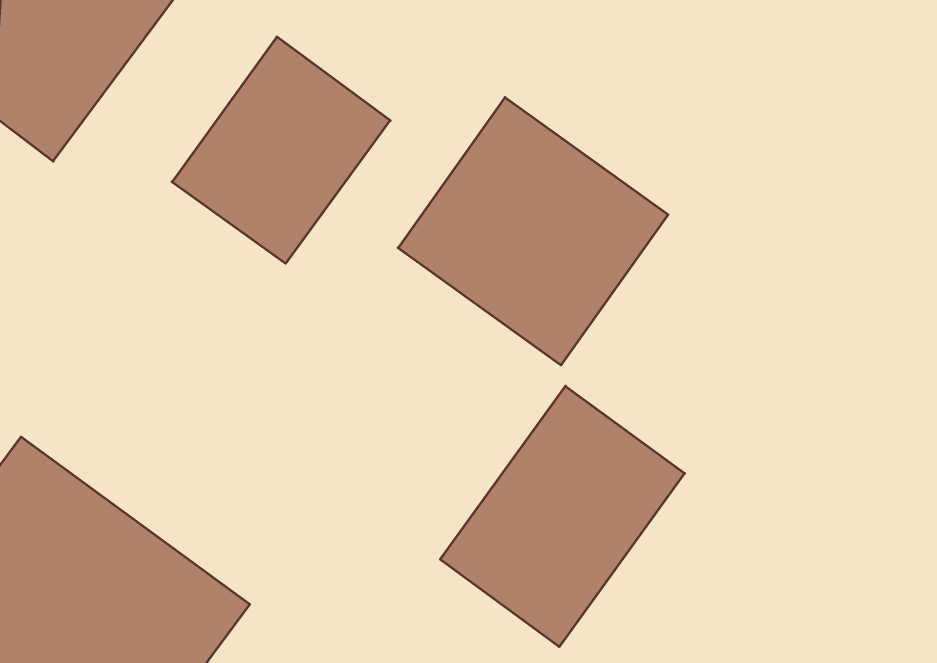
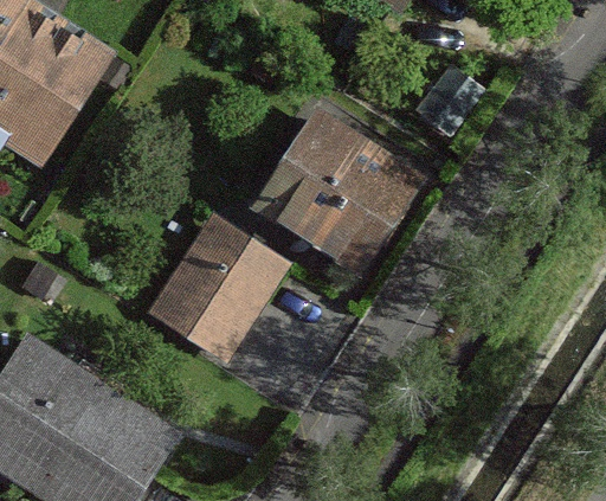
building: [172,37,390,263] -> [153,217,285,357]
building: [440,386,685,647] -> none

